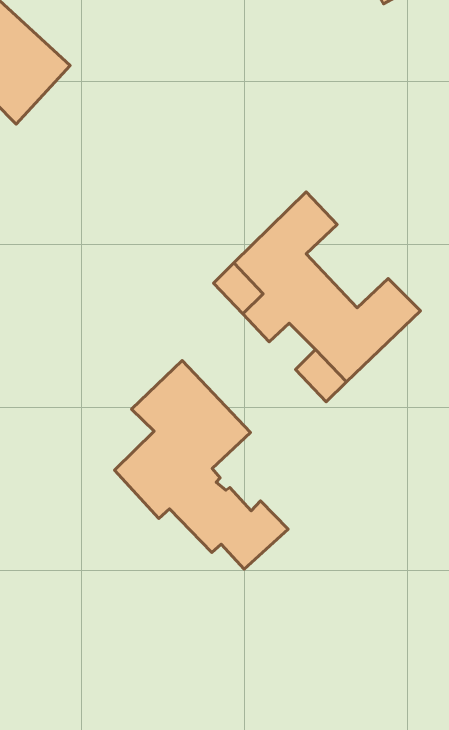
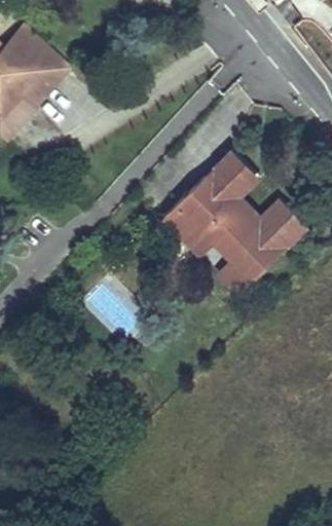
building: [115,361,288,569] -> none

